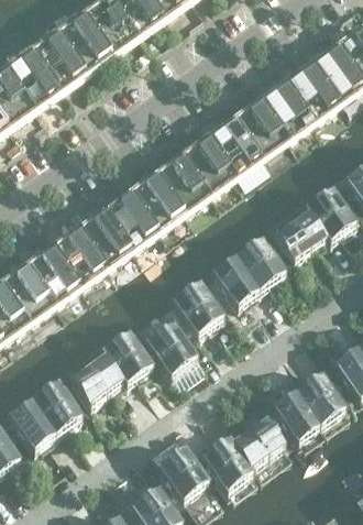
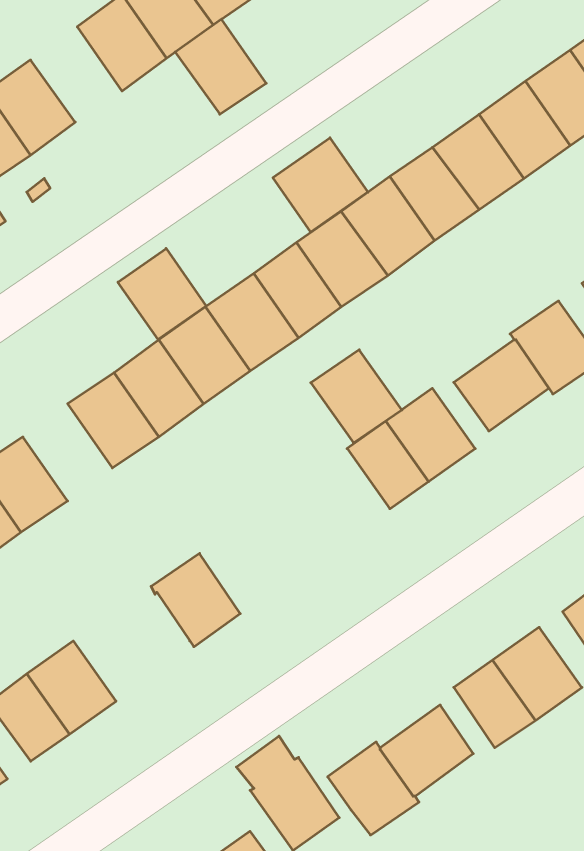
building: [34,30,86,84] -> [175,19,266,114]
building: none -> [273,138,368,232]
building: none -> [118,248,206,340]
building: [30,243,80,298] -> none
building: [173,278,224,331] -> [311,350,402,443]
building: [146,319,205,384] -> none
building: [70,350,124,402] -> none

